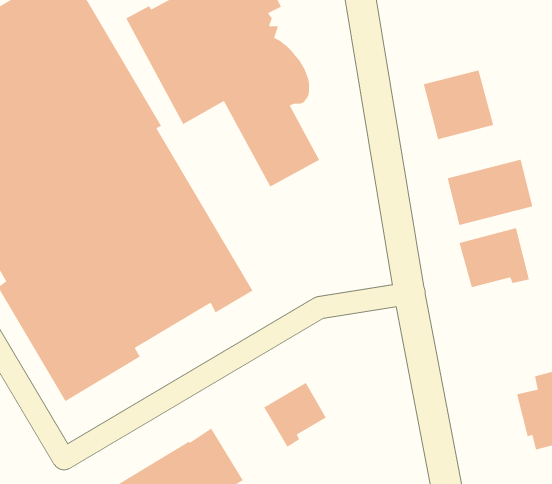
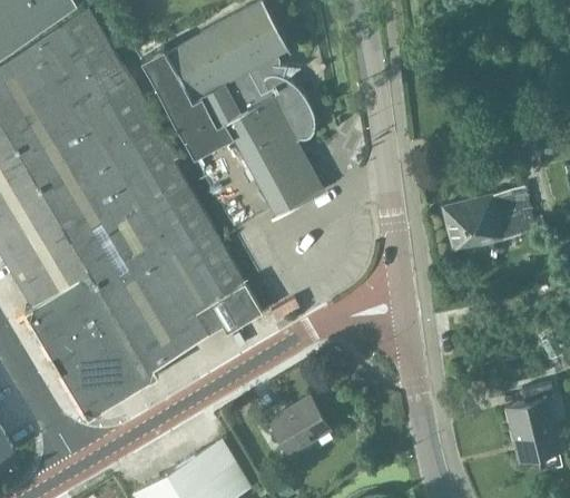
building: [423,69,494,140] -> none
building: [458,227,530,288] -> none

